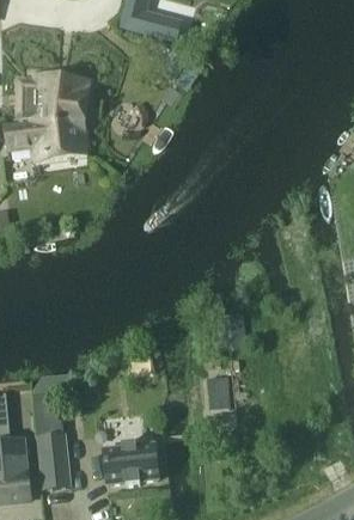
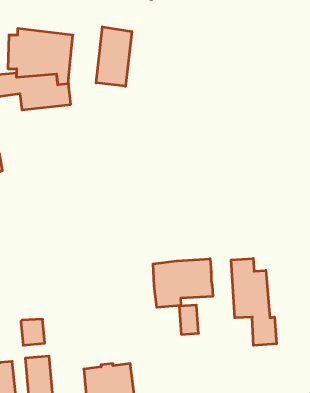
building: none -> [96,27,132,86]
building: none -> [231,258,277,345]
building: none -> [153,259,213,307]

